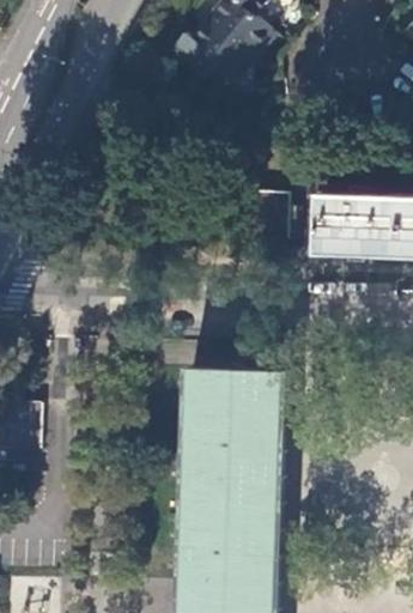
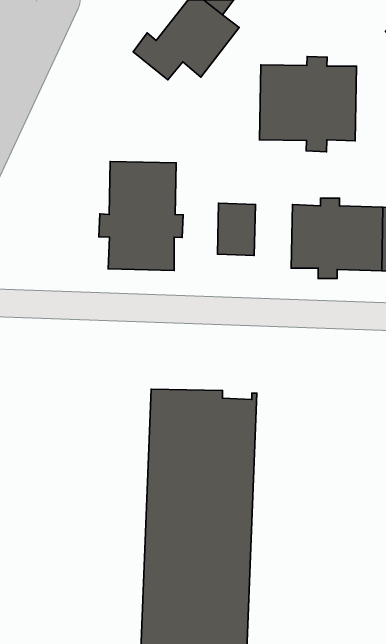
building: none -> [259,56,357,152]
building: none -> [99,161,183,271]

